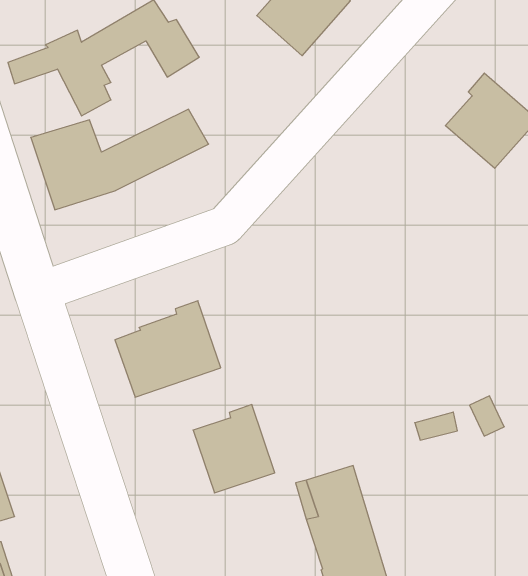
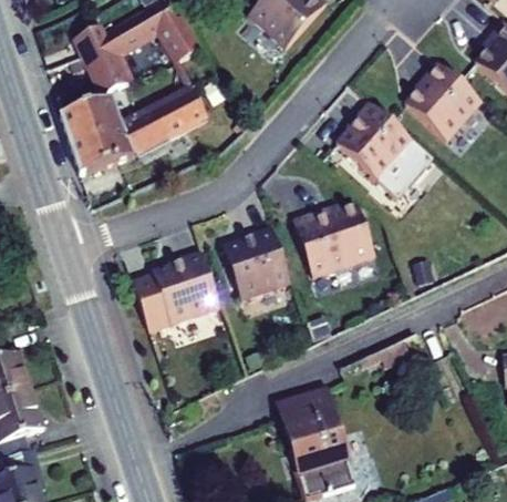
building: none -> [337,101,430,196]
building: none -> [291,206,374,276]
building: [193,405,275,493] -> [221,225,289,298]

